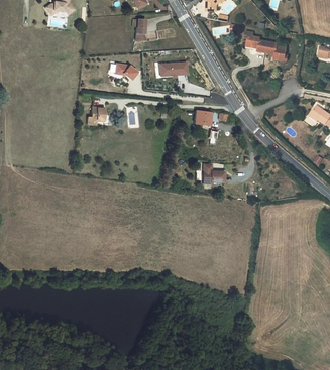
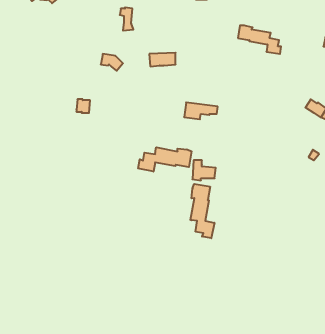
building: none -> [138,147,192,172]
building: none -> [190,184,214,238]

